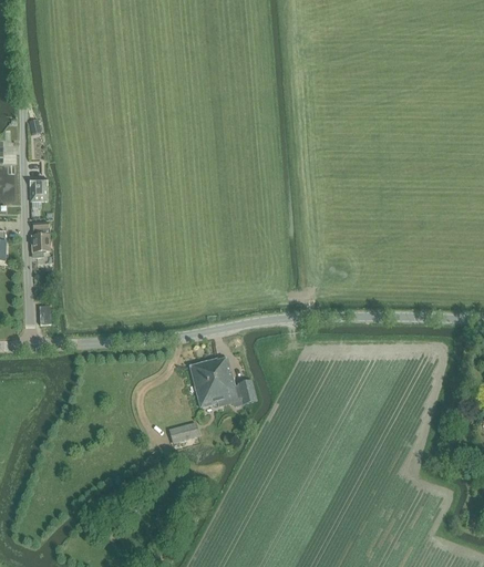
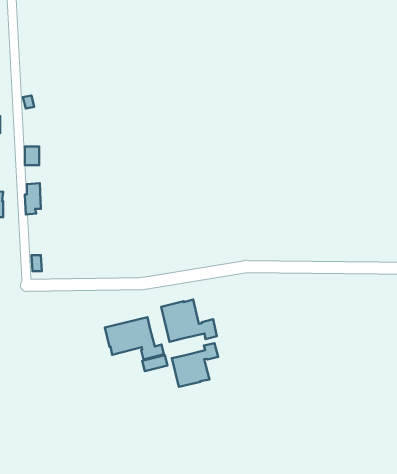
building: none -> [105,317,164,360]
building: none -> [172,343,218,387]

